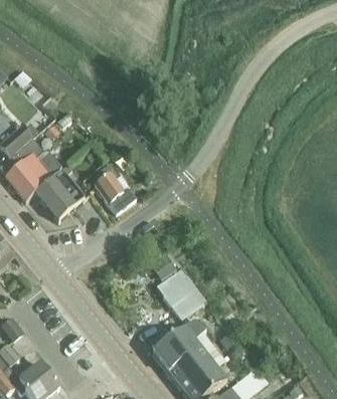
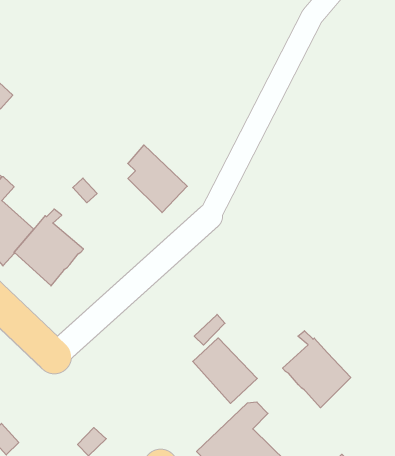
building: [97,160,139,210] -> [128,145,187,213]
building: none -> [283,331,351,408]

